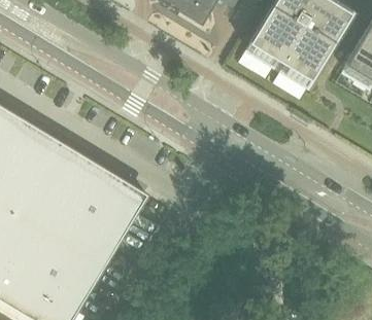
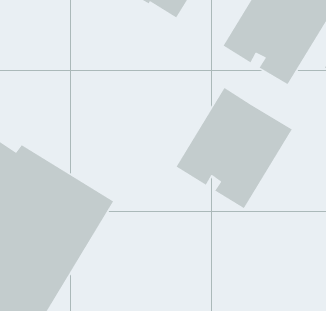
building: none -> [176,87,293,209]

